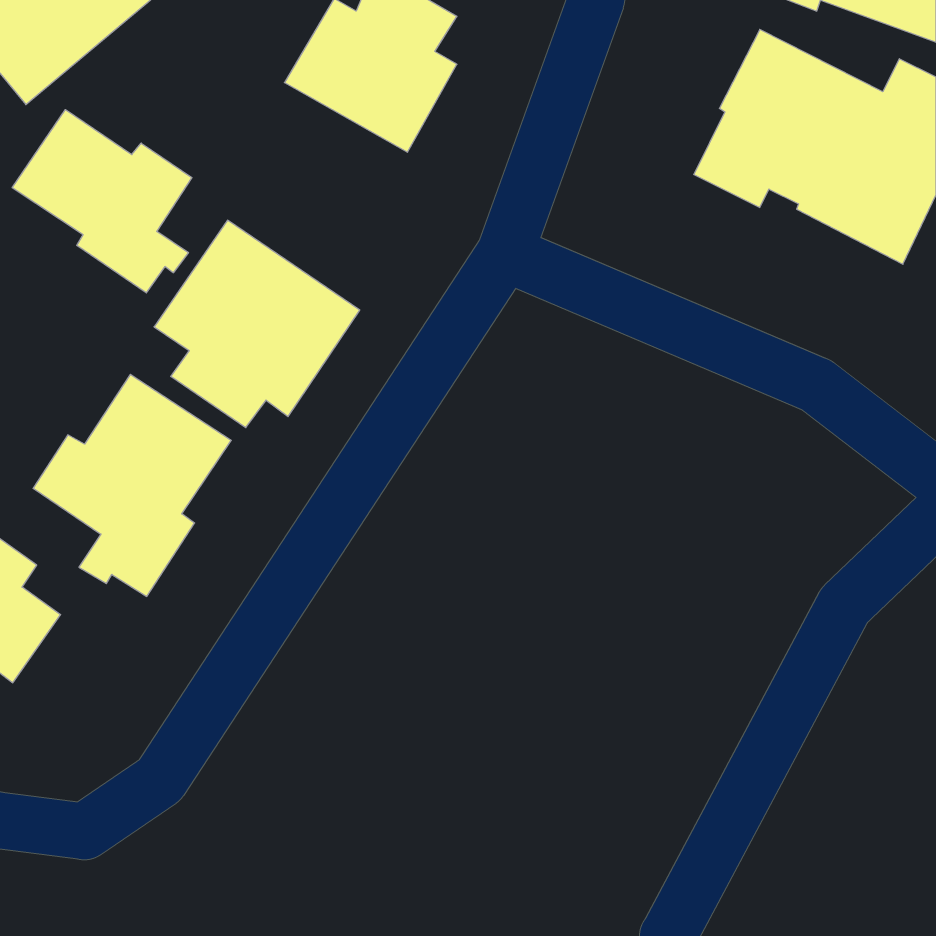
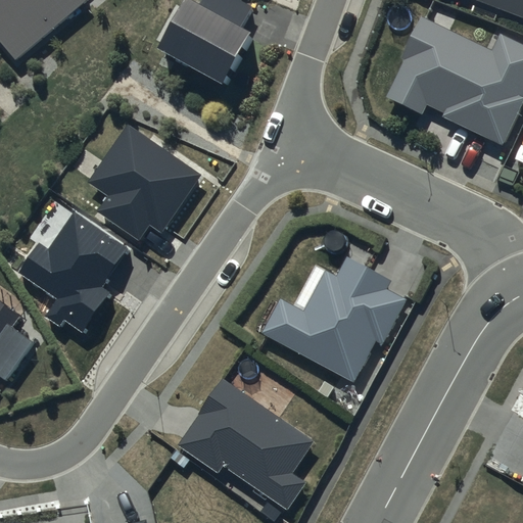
building: [12,110,192,293] -> none
building: none -> [260,254,406,381]
building: none -> [177,379,313,509]

